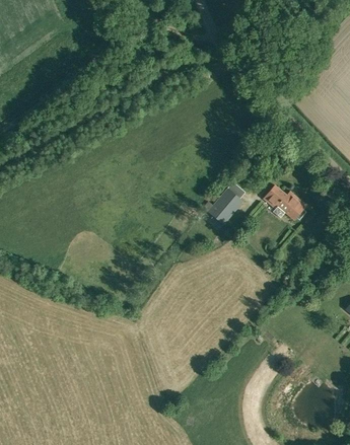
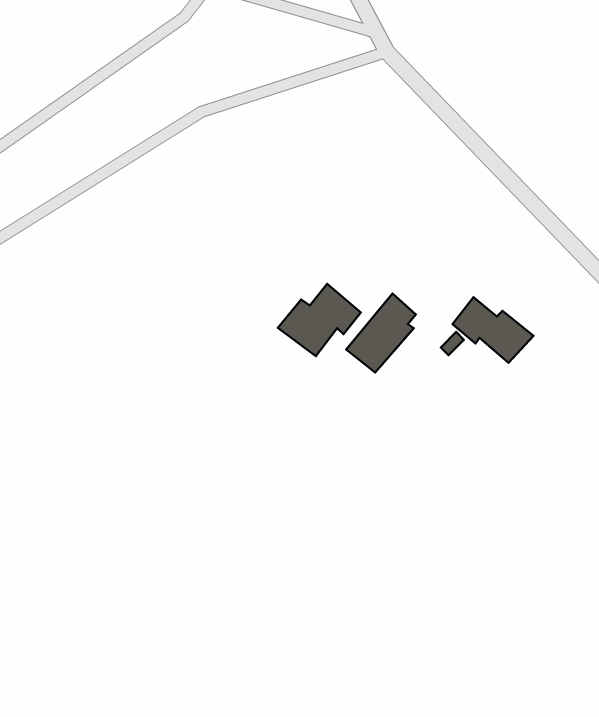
building: none -> [278,284,361,356]

